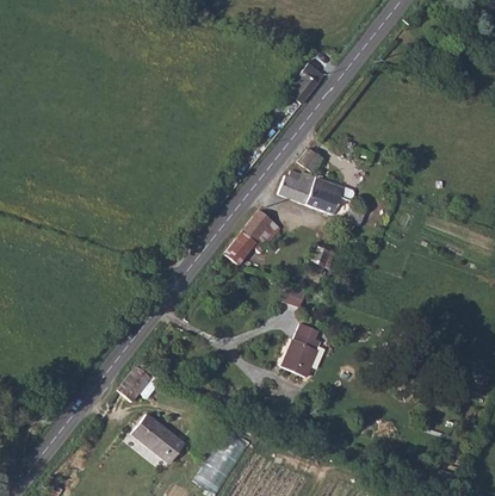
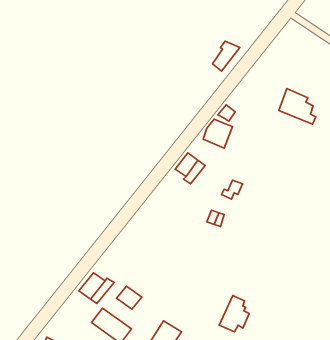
building: [307,176,355,223] -> [279,89,316,124]
building: [224,232,256,266] -> none
building: [284,328,323,376] -> [219,295,249,332]
building: none -> [117,286,142,309]

